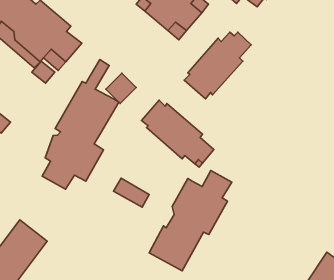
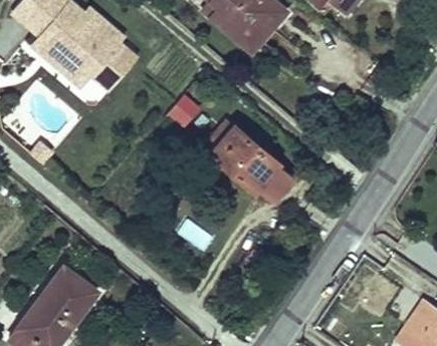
building: [184,32,251,99] -> none
building: [42,60,119,189] -> none
building: [149,170,232,271] -> none

